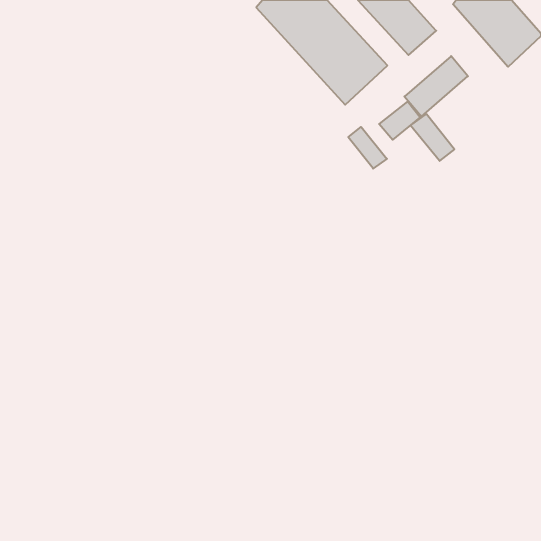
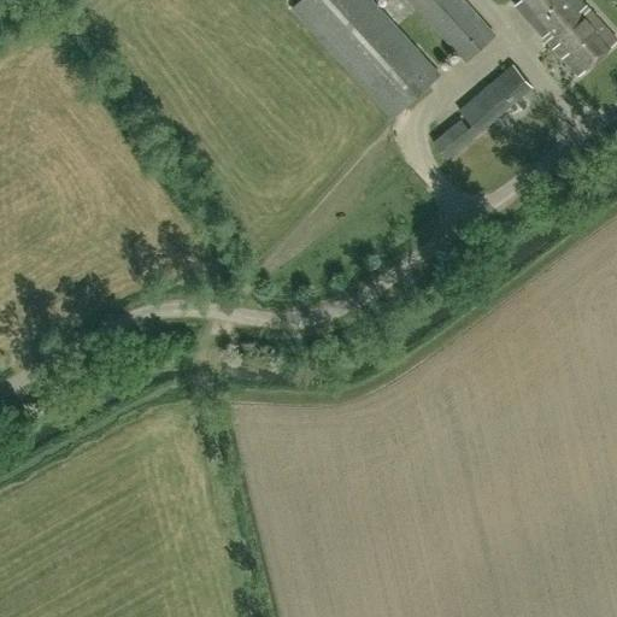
building: [410,114,454,161] -> none
building: [348,127,387,169] -> none

